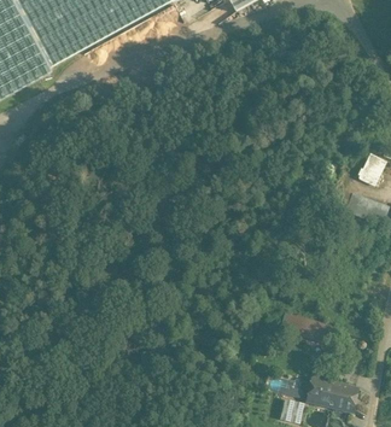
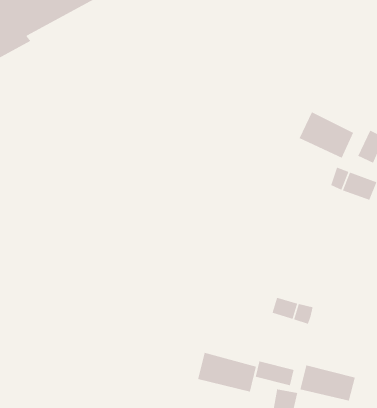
building: none -> [299,111,354,159]
building: none -> [197,352,257,393]

